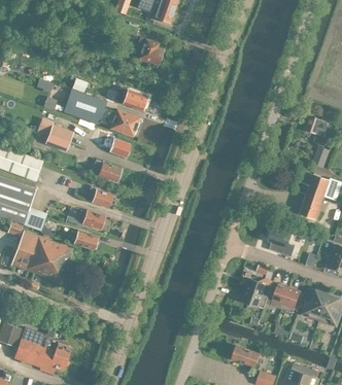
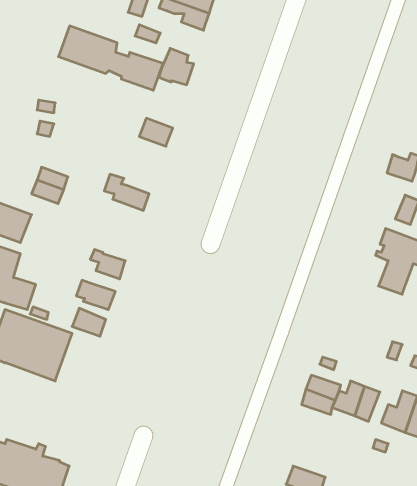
building: [63,90,140,137] -> [58,26,163,90]
building: [91,159,122,182] -> none
building: [268,226,295,257] -> none

